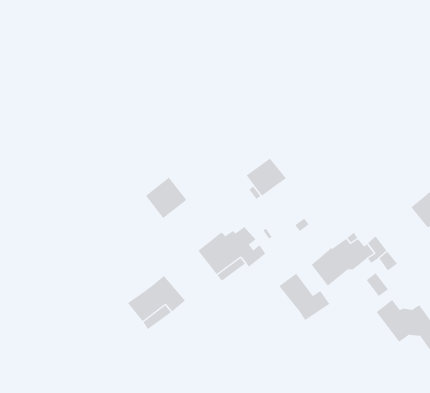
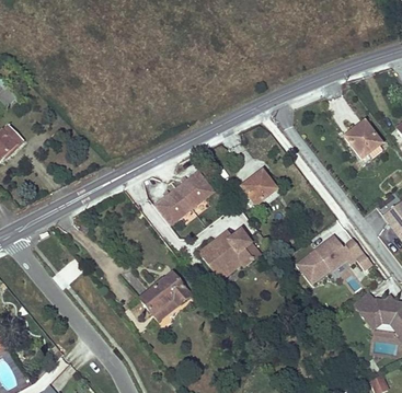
building: none -> [344,122,380,158]
building: none -> [175,171,213,208]
building: [278,273,330,321] -> none

